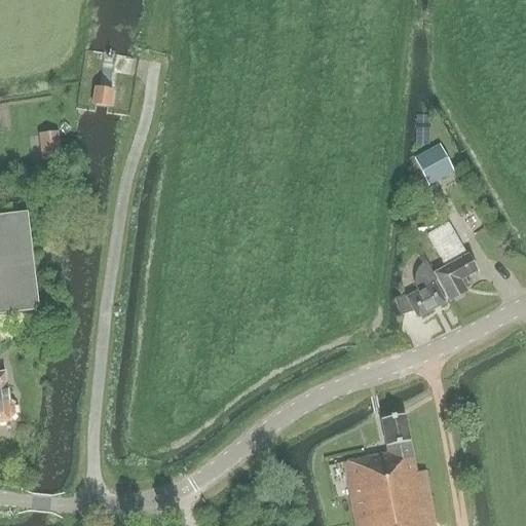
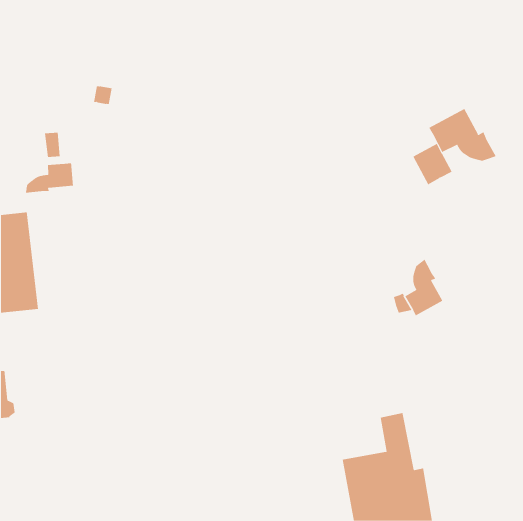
building: none -> [428,108,496,161]
building: none -> [26,162,73,193]
building: [427,222,476,300] -> none

